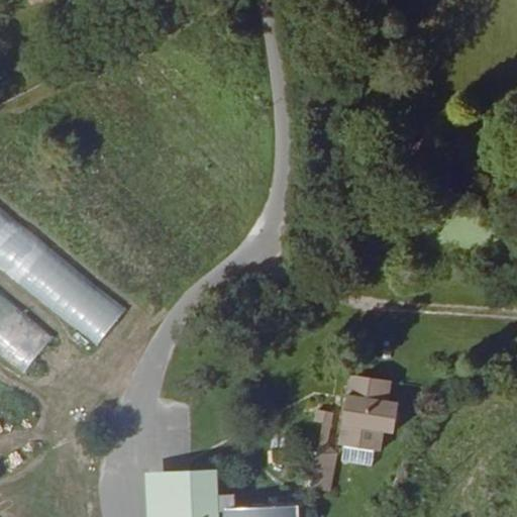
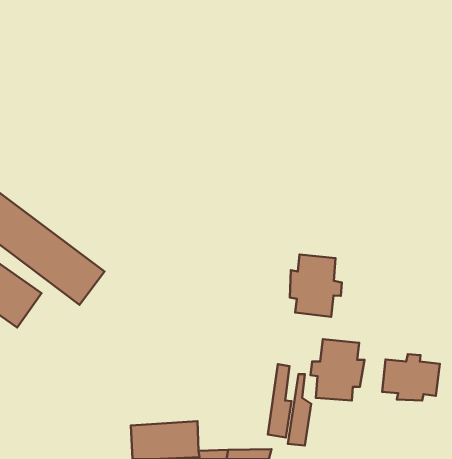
building: none -> [290,255,342,317]
building: none -> [382,354,440,401]

